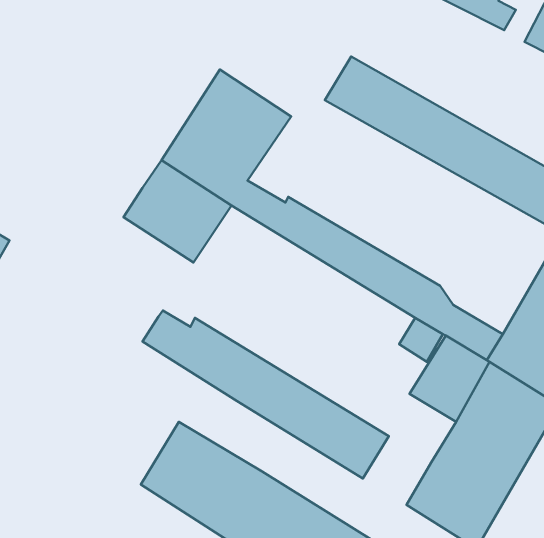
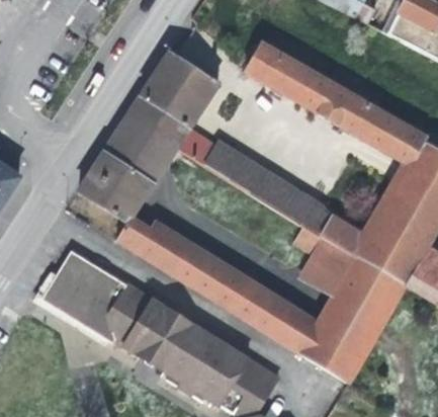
building: none -> [79,153,152,222]
building: none -> [43,247,145,338]
building: none -> [269,305,317,352]

